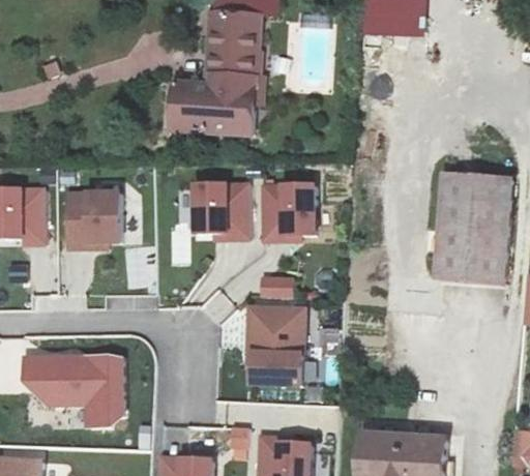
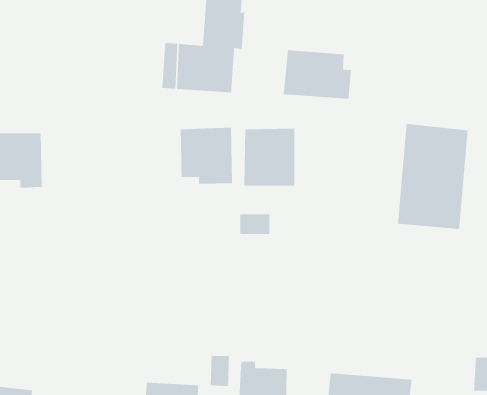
building: none -> [283,49,352,100]
building: [66,188,121,249] -> none
building: [245,302,308,389] -> none
building: [24,352,123,424] -> none

